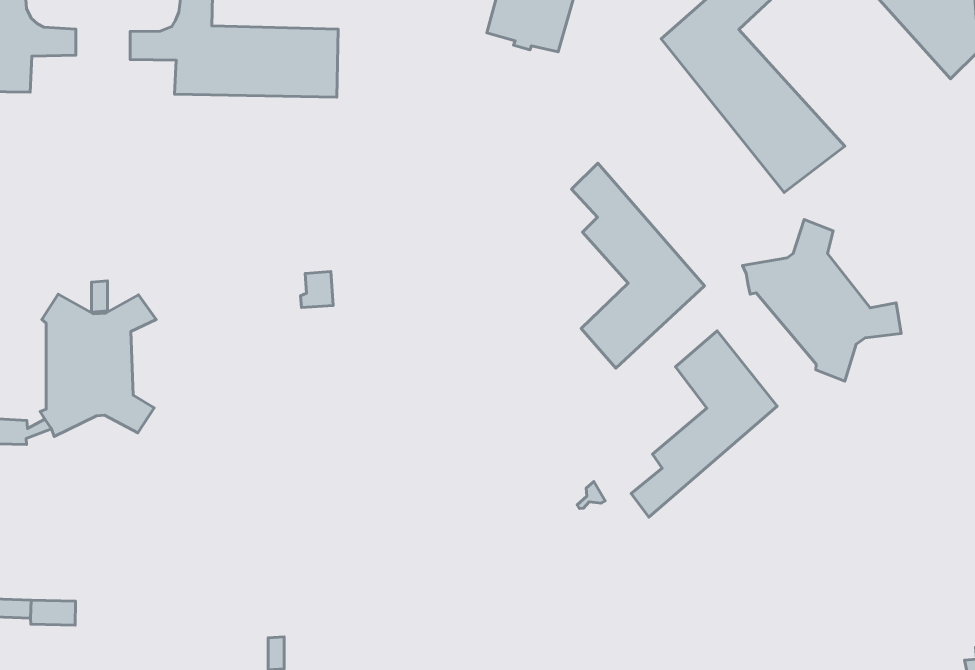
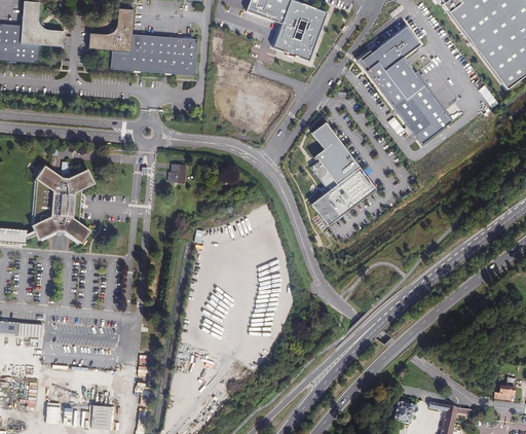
building: [742,219,901,381] -> none
building: [631,331,777,517] -> none

